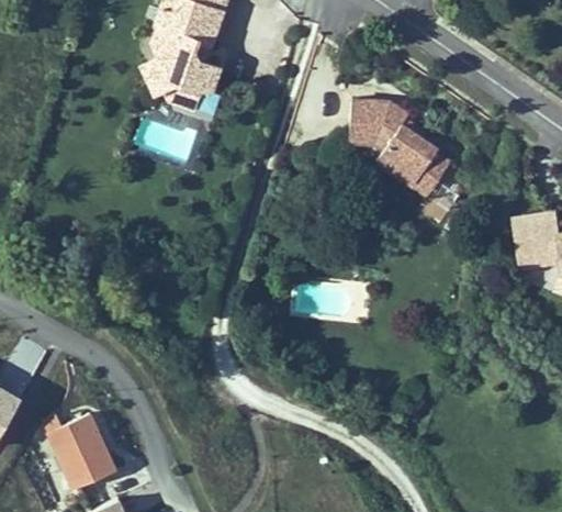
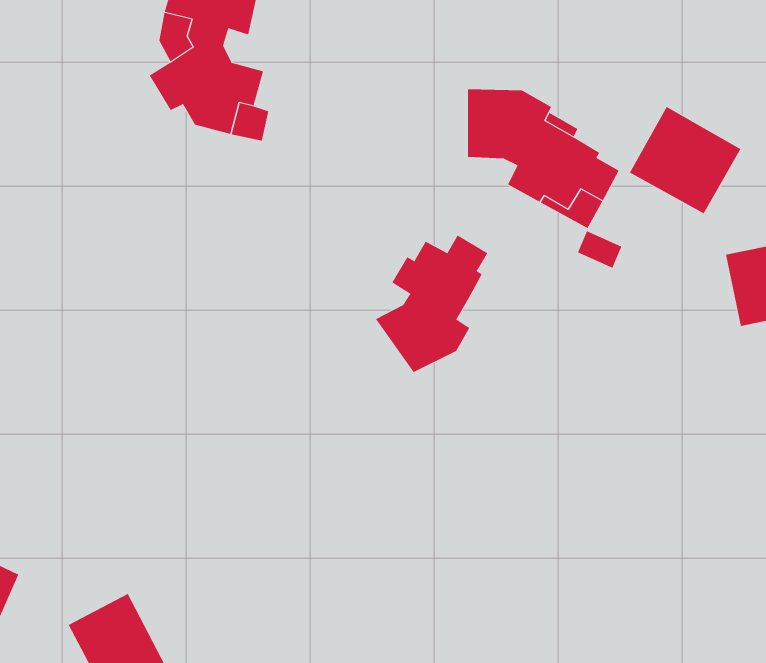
building: none -> [629,106,741,214]
building: none -> [375,234,488,373]

